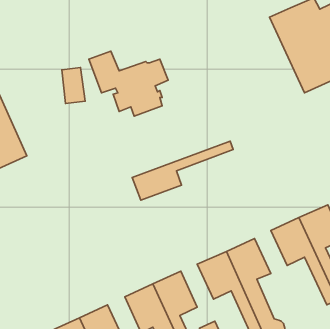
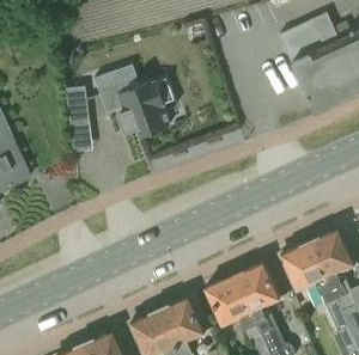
building: [132,141,233,200] -> none

